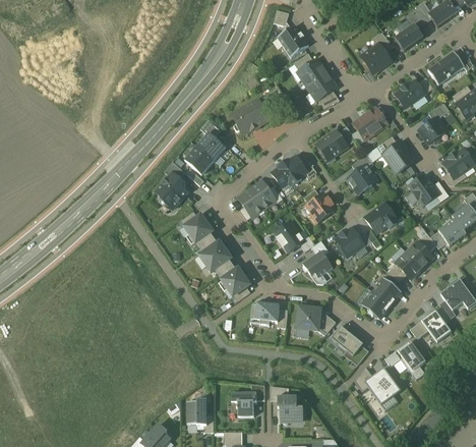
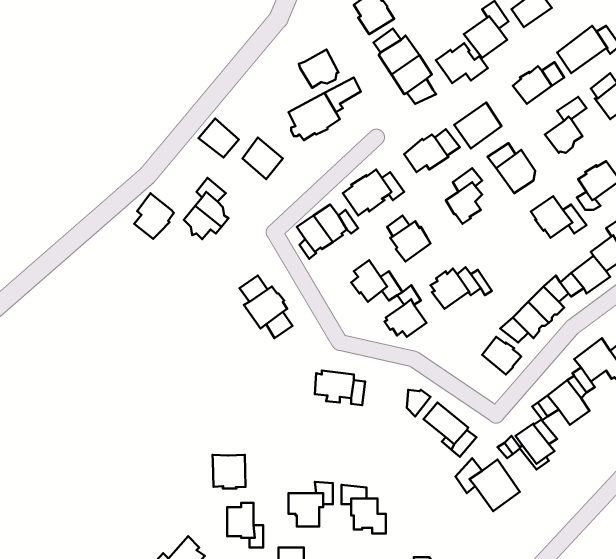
building: none -> [436,43,488,83]
building: none -> [299,49,339,88]
building: [185,148,215,176] -> [199,119,239,158]
building: none -> [134,193,174,239]
building: [363,203,397,234] -> none
building: [183,215,212,244] -> none
building: [218,268,249,296] -> none
building: [361,291,390,320] -> none
building: [296,308,319,330] -> none
building: none -> [212,455,246,489]

